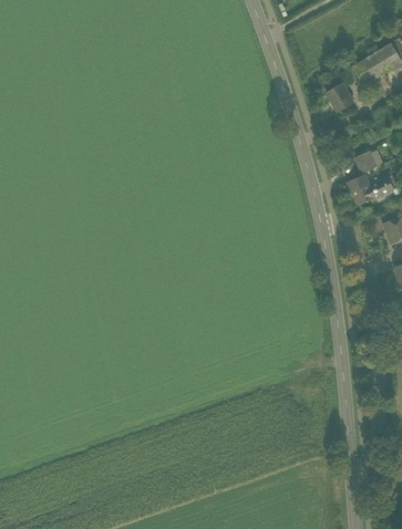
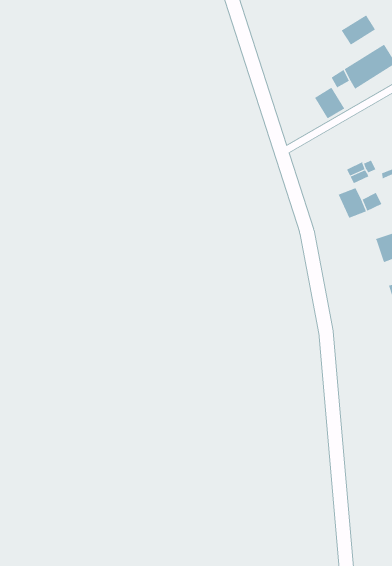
building: none -> [341,14,376,46]

